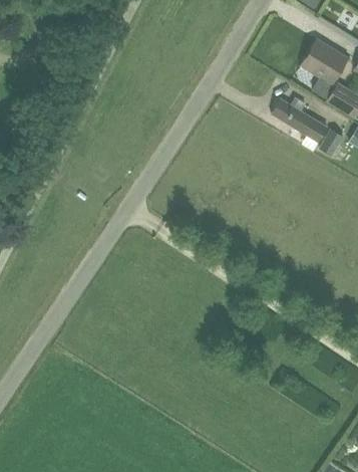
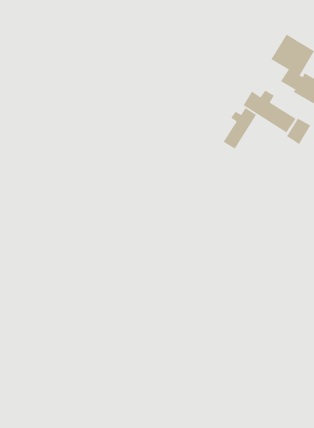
building: none -> [223,107,257,150]

